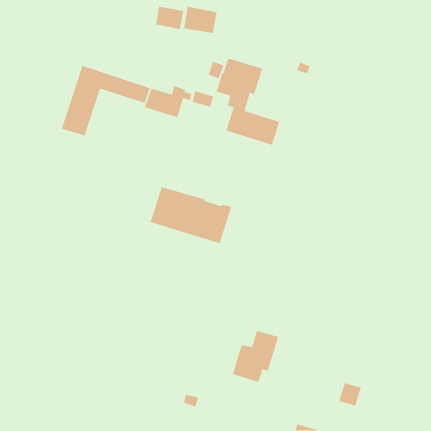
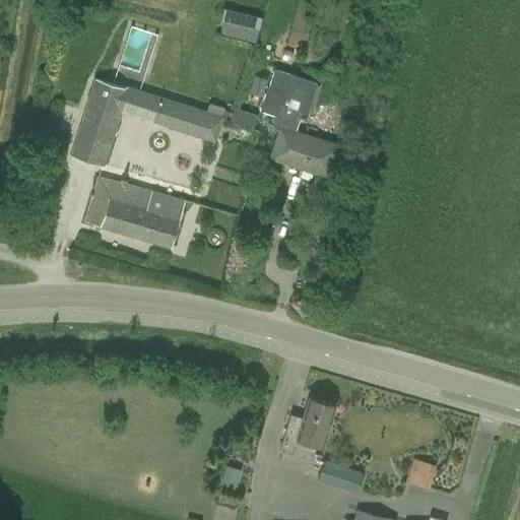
building: [155,6,184,30] -> none
building: [149,186,232,244] -> [85,178,185,248]
building: none -> [318,460,363,492]

